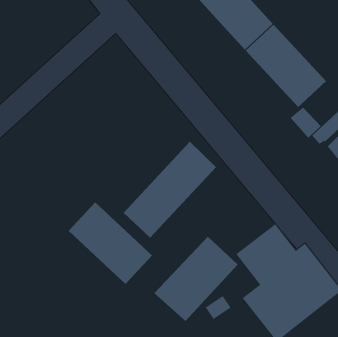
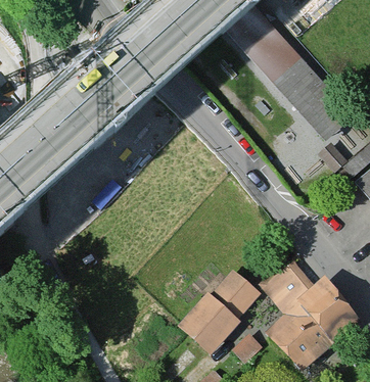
building: [123,141,217,238] -> none
building: [68,201,153,285] -> none

